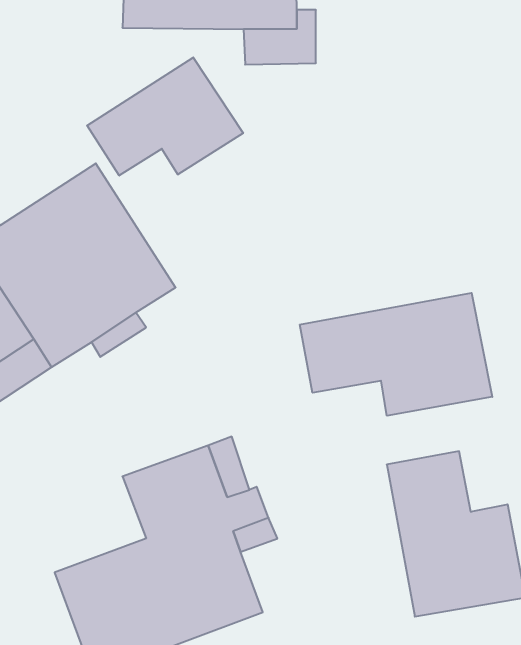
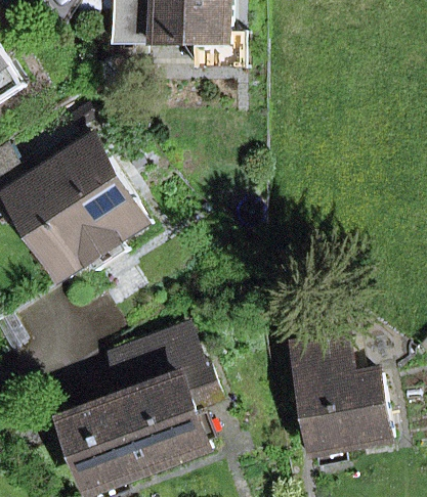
building: [87,57,243,176] -> none
building: [300,293,492,416] -> none

